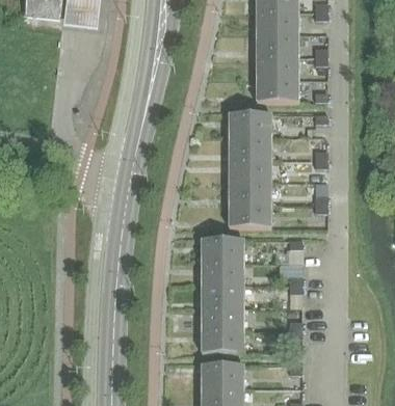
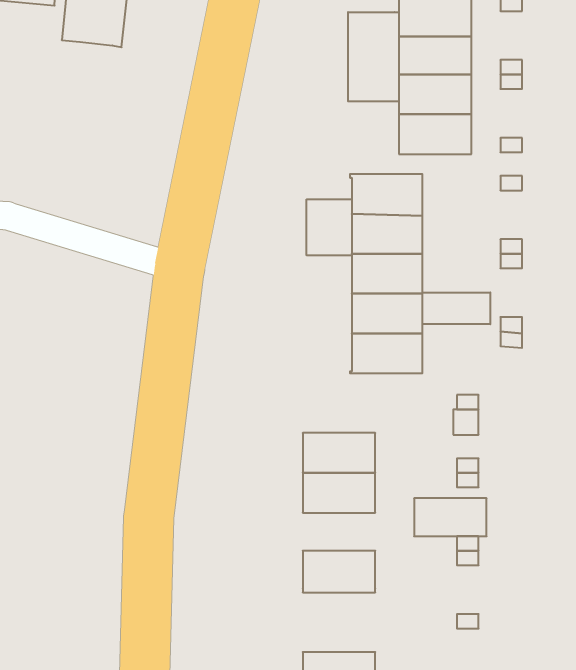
building: none -> [348,12,399,101]
building: none -> [307,199,352,255]
building: none -> [422,292,490,324]
building: [202,238,243,261] -> none
building: [202,306,243,328] -> [414,498,487,536]
building: [202,363,243,386] -> none

